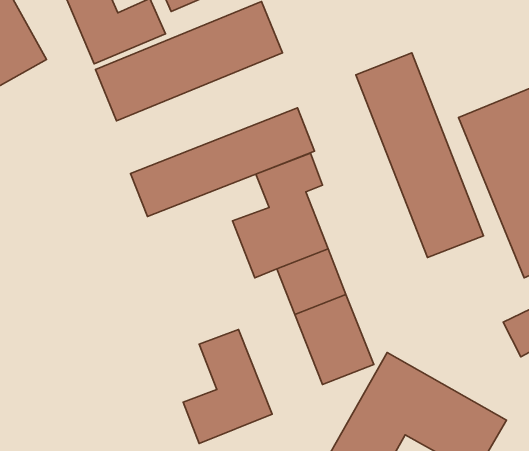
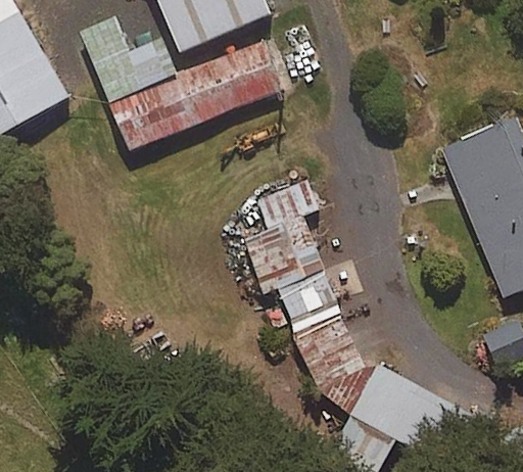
building: [356,53,484,258] -> none
building: [131,108,314,217] -> none
building: [183,329,272,444] -> none

